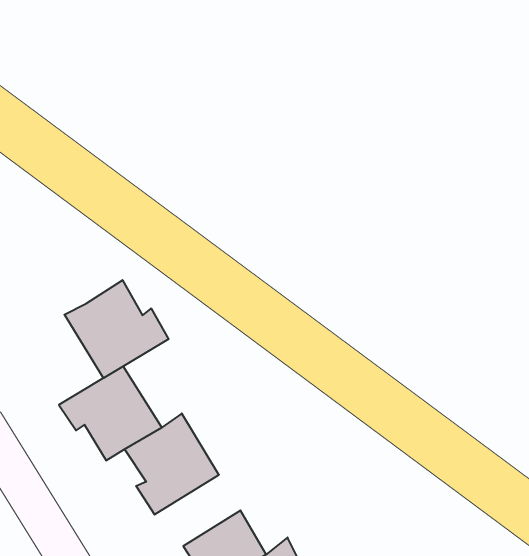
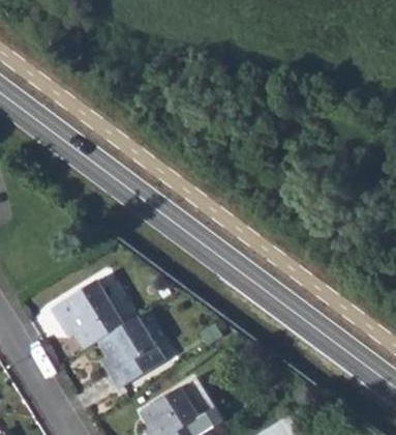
building: [64,280,169,378] -> none

